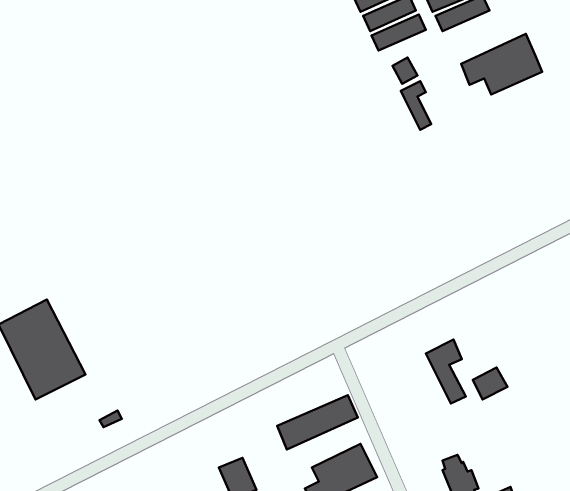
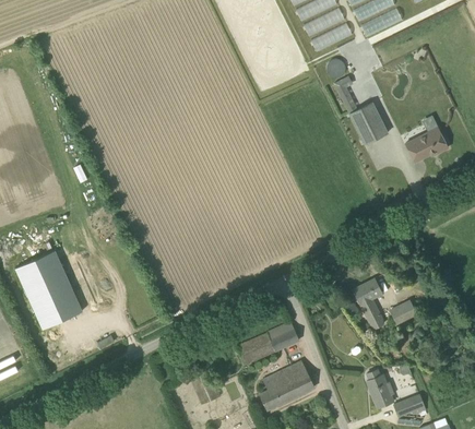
building: [461,34,542,95] -> none
building: none -> [348,102,388,144]
building: none -> [405,127,449,162]

